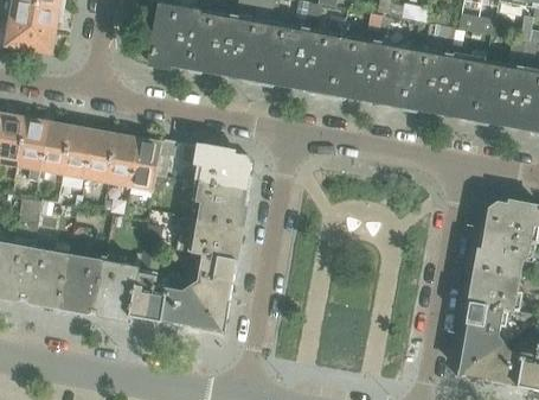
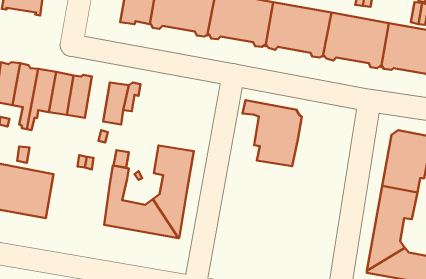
building: [107,132,137,188] -> none
building: [180,142,254,224] -> [243,100,302,166]
building: [58,253,137,320] -> none

